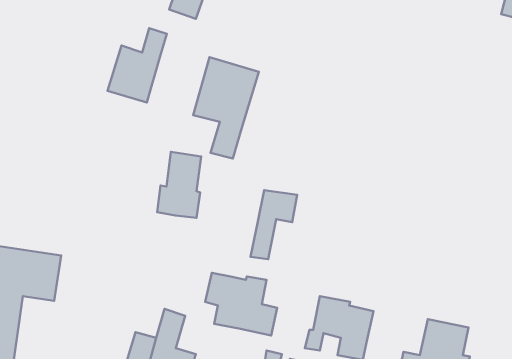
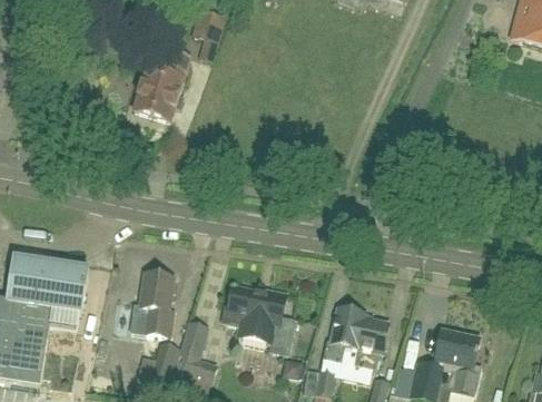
building: [193,57,259,159] -> none
building: [157,152,201,218] -> [131,271,174,334]
building: [251,190,297,259] -> none

